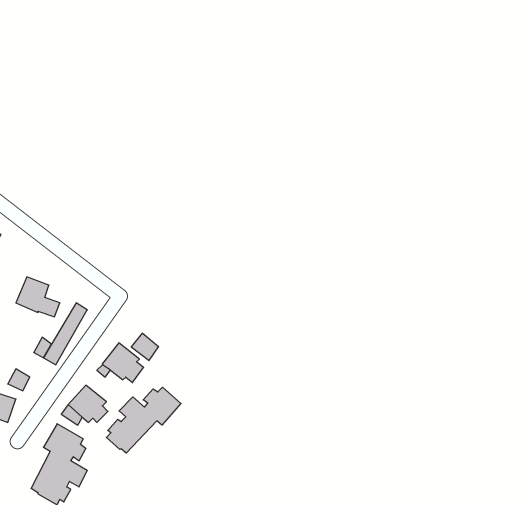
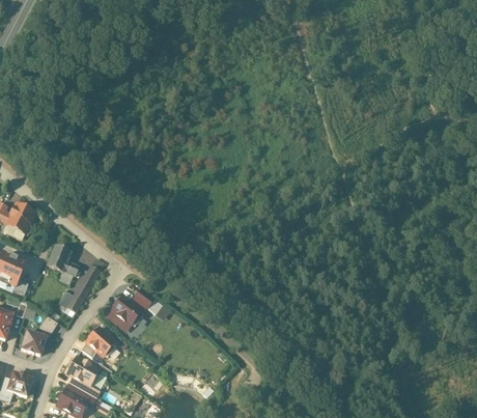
building: [106,387,181,453] -> none

